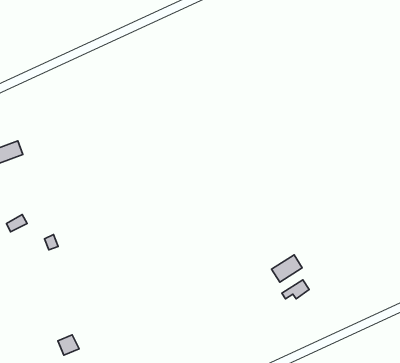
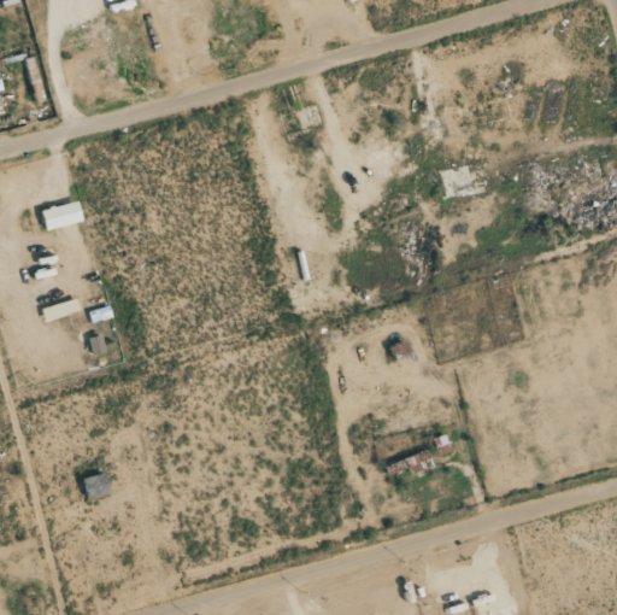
building: [272,255,302,282] -> none

